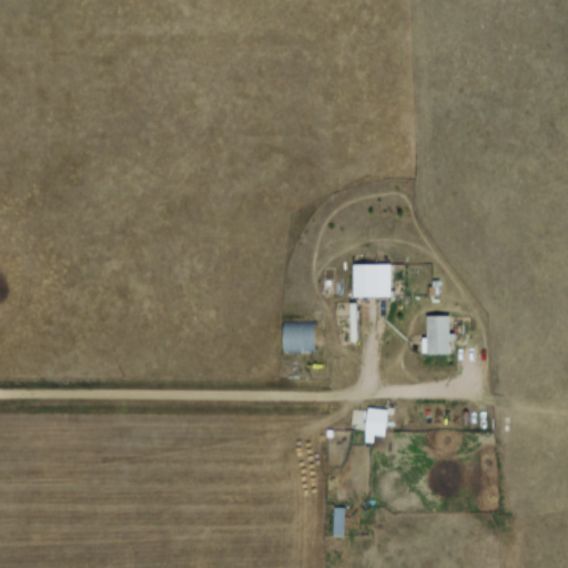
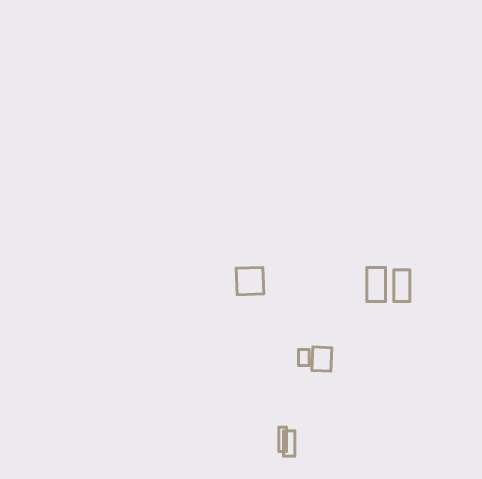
building: [346,262,386,294] -> none
building: none -> [394,270,410,301]

